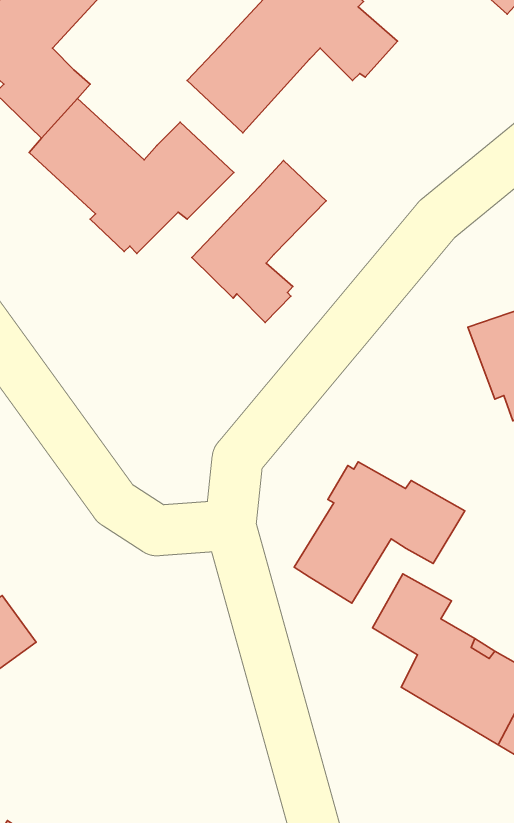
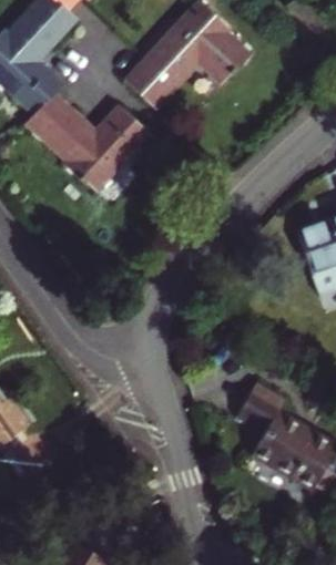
building: [192,161,326,322] -> none
building: [294,462,465,603] -> none

